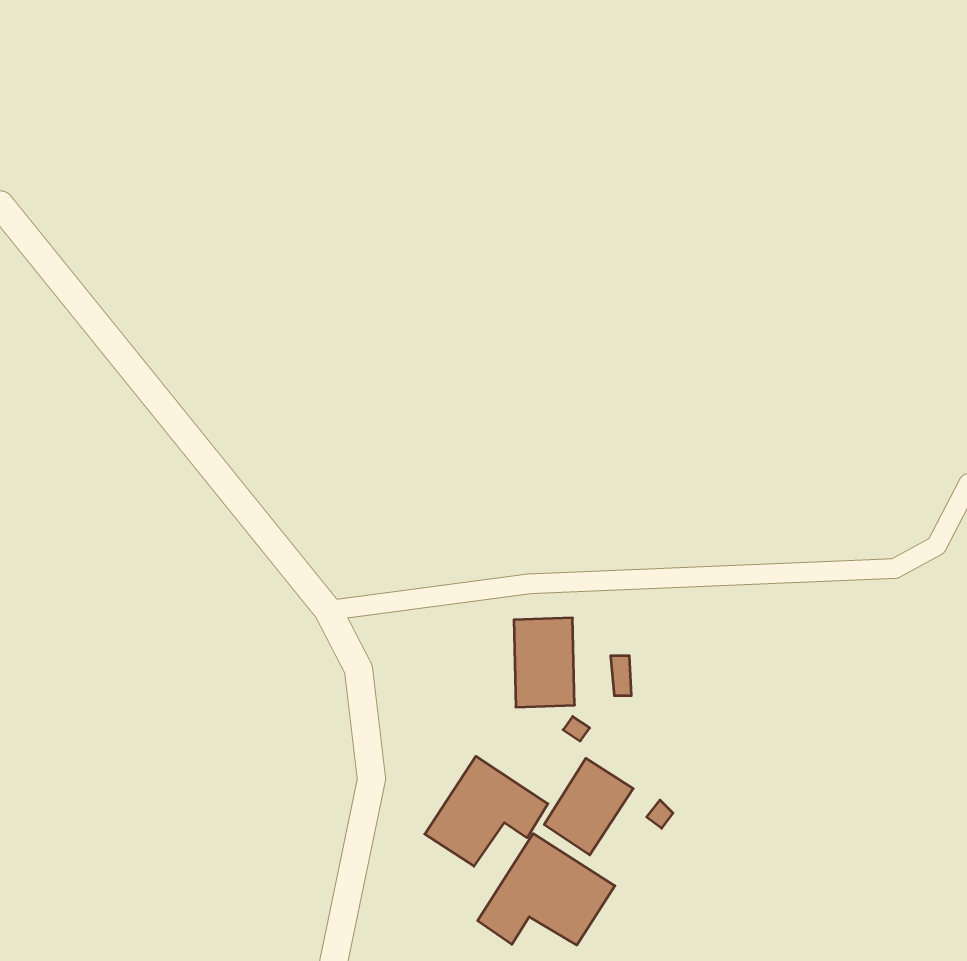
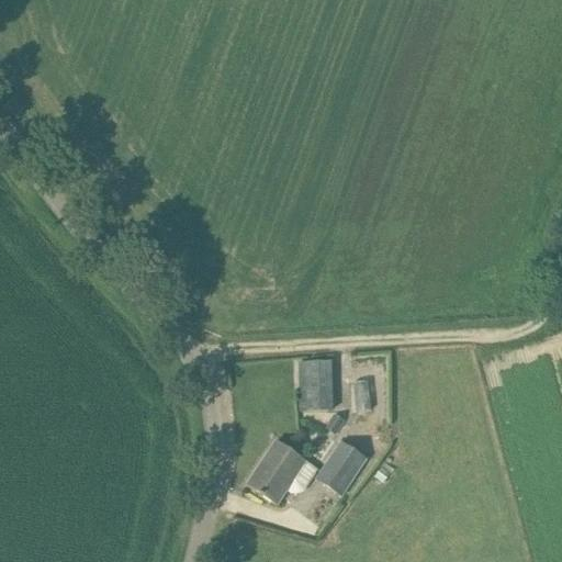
building: [478,834,615,945] -> none

